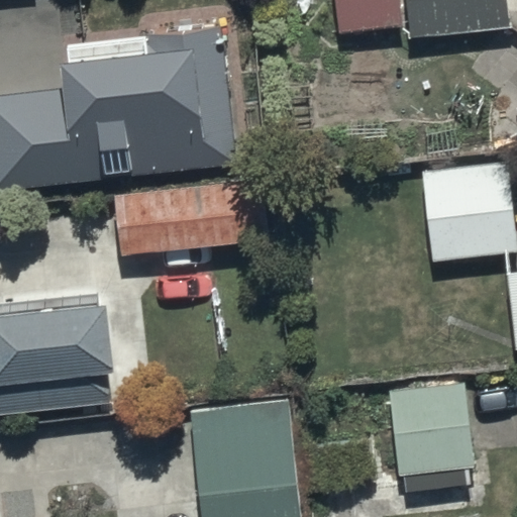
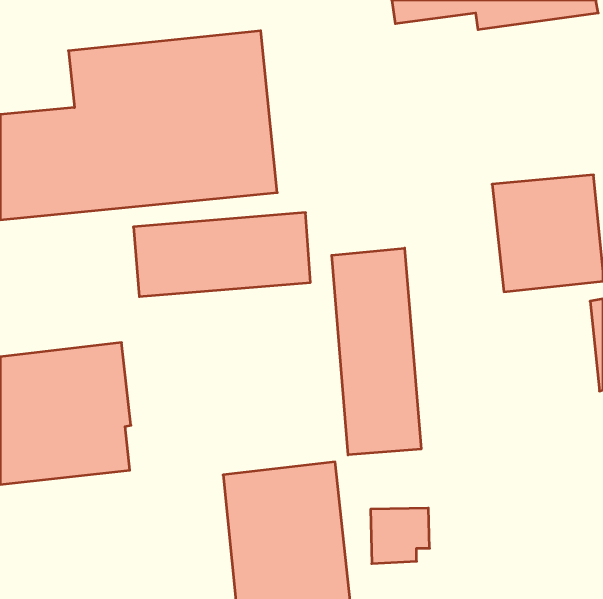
building: none -> [332,248,421,455]
building: [388,373,474,468] -> none

